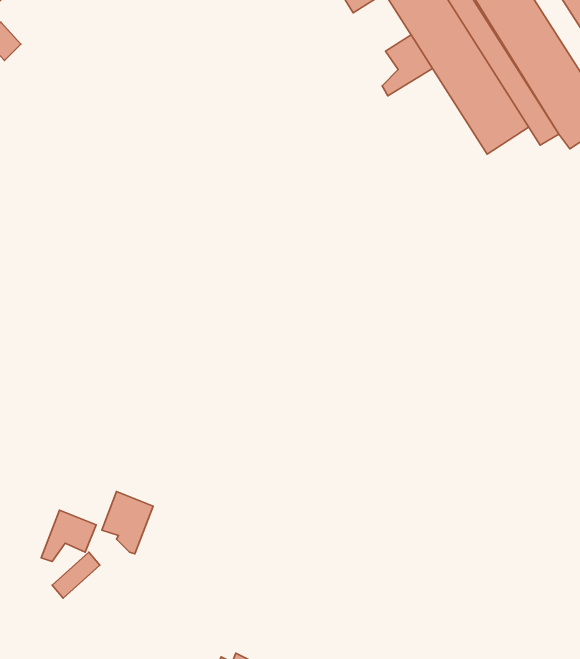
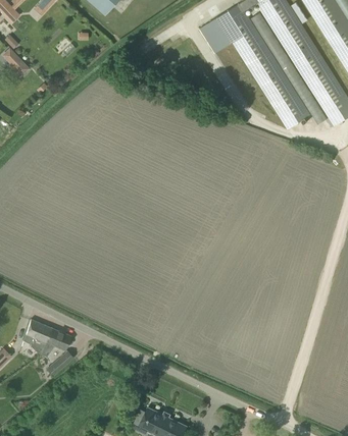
building: [382,35,432,96] -> none
building: [102,492,153,554] -> [21,319,50,353]

